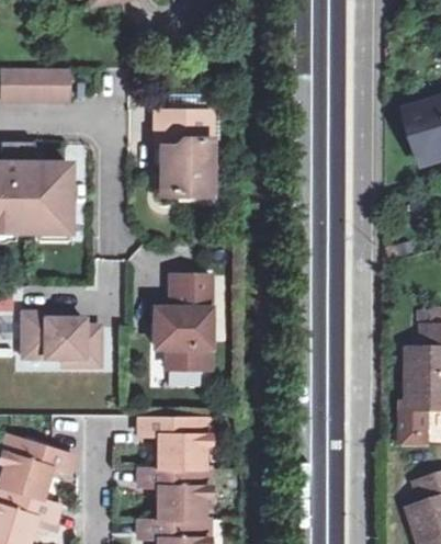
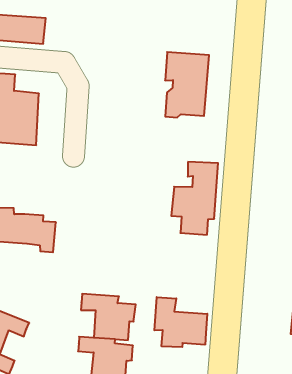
building: [155,111,208,193] -> [165,52,209,117]
building: [152,275,207,367] -> [171,162,218,235]
building: none -> [154,297,207,347]

